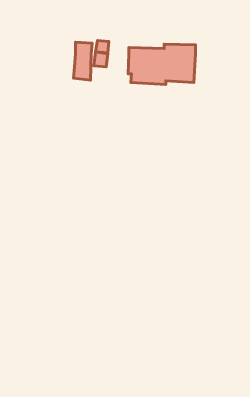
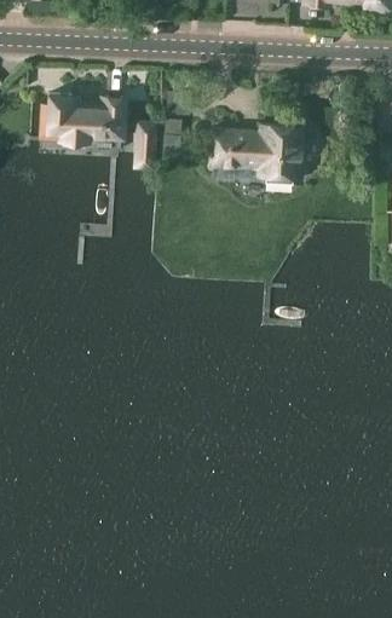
building: none -> [40,91,123,140]

